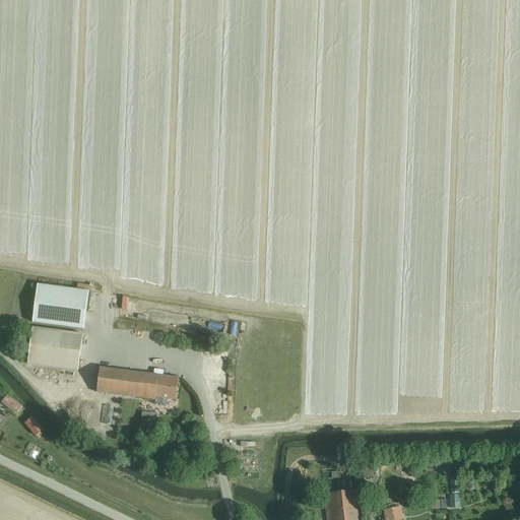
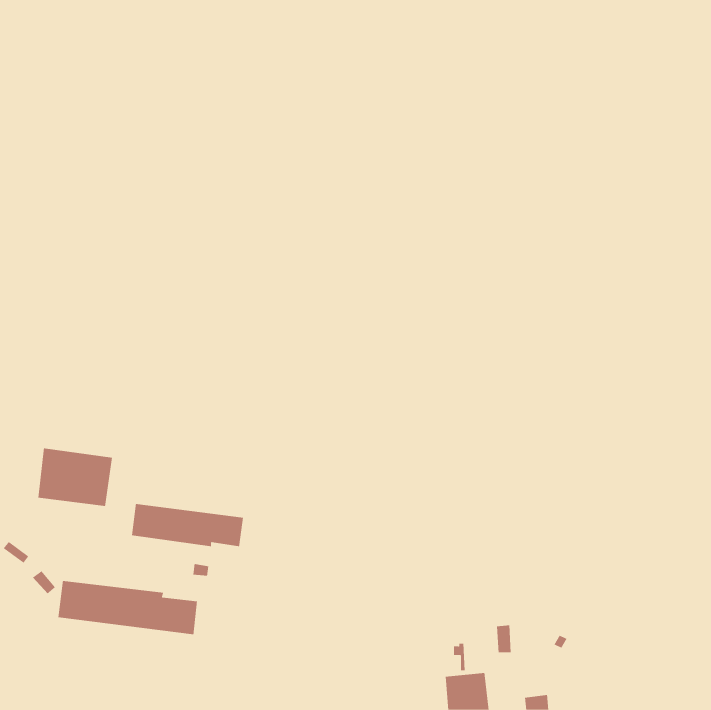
building: [31,284,87,327] -> none
building: none -> [58,580,198,635]

